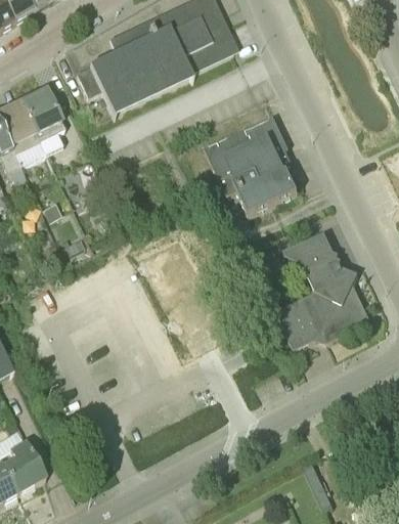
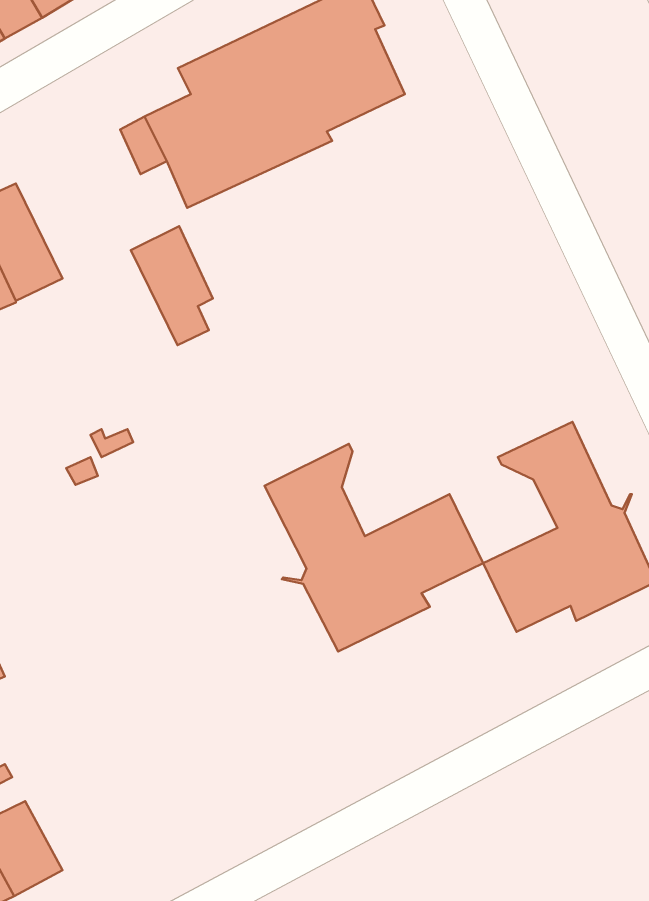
building: [18,88,63,154] -> [131,226,213,345]
building: [205,115,298,215] -> none
building: none -> [264,444,483,651]

